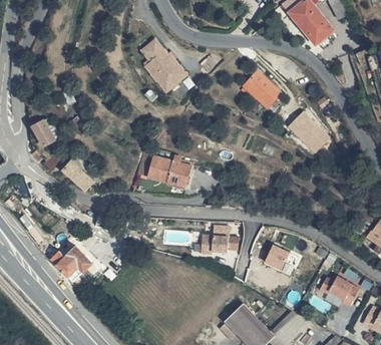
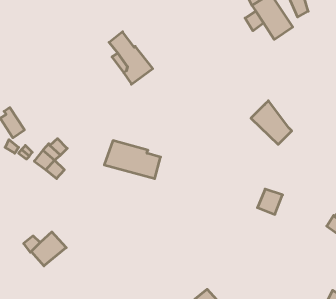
building: [244,71,282,110] -> none
building: [209,235,237,255] -> none
building: [266,243,292,269] -> [257,189,283,214]
building: [321,277,359,306] -> none

